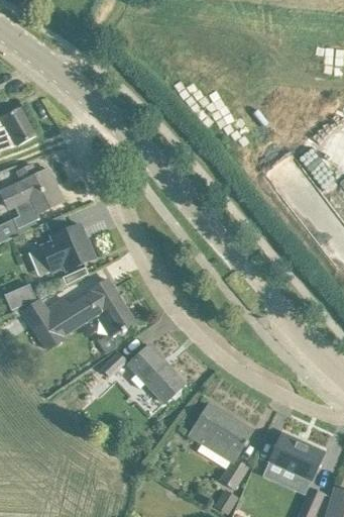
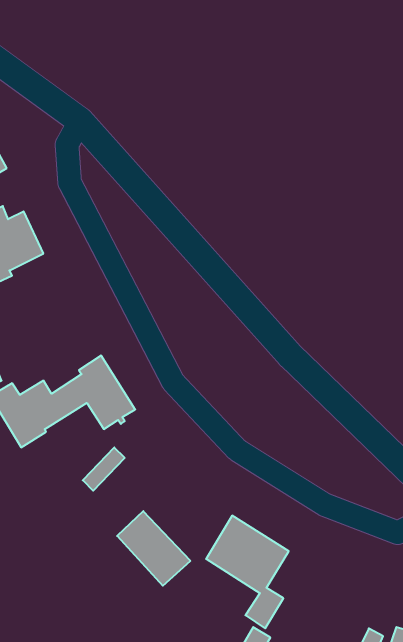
building: [40,214,95,271] -> none
building: [128,344,185,402] -> [117,511,190,586]
building: [265,437,322,486] -> none

